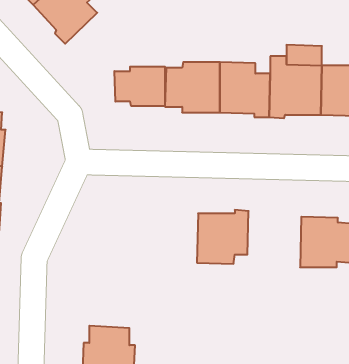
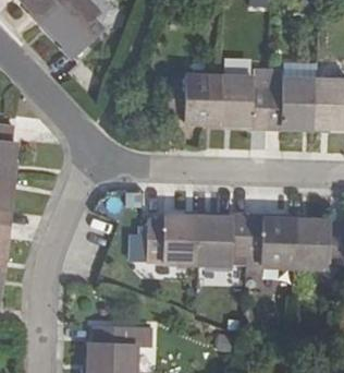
building: [114,67,165,106] -> none
building: none -> [146,217,198,266]
building: none -> [245,217,296,270]

